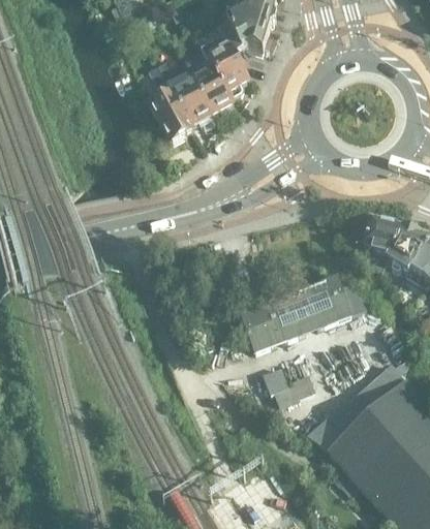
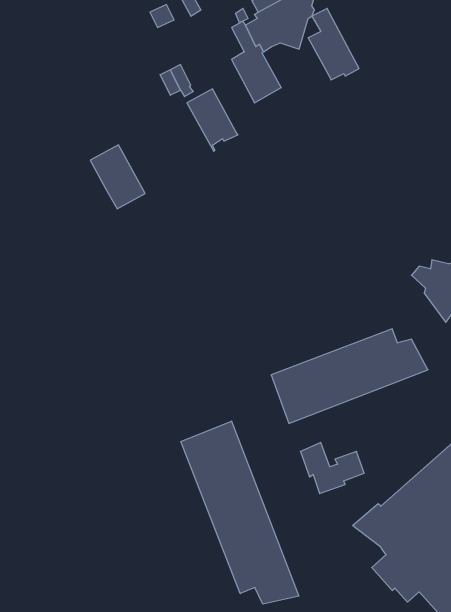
building: [193,58,235,116] -> [308,8,359,80]
building: [150,93,194,145] -> [90,145,145,209]
building: none -> [181,421,299,604]

